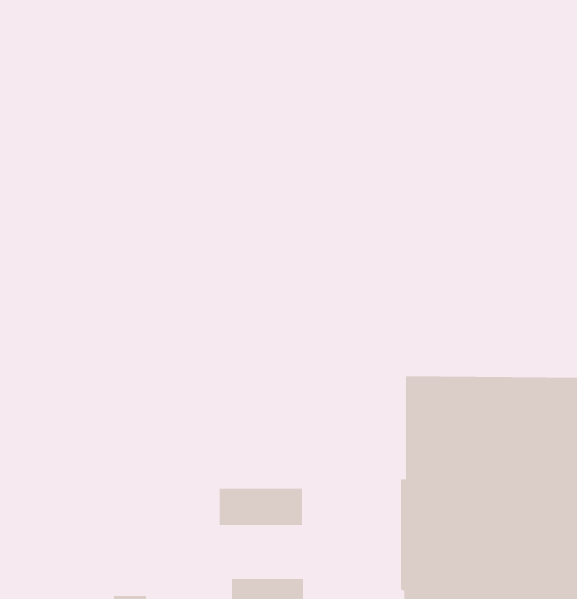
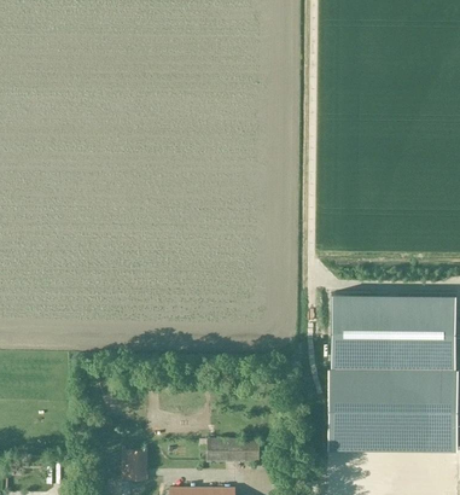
building: [219,488,303,526] -> none

